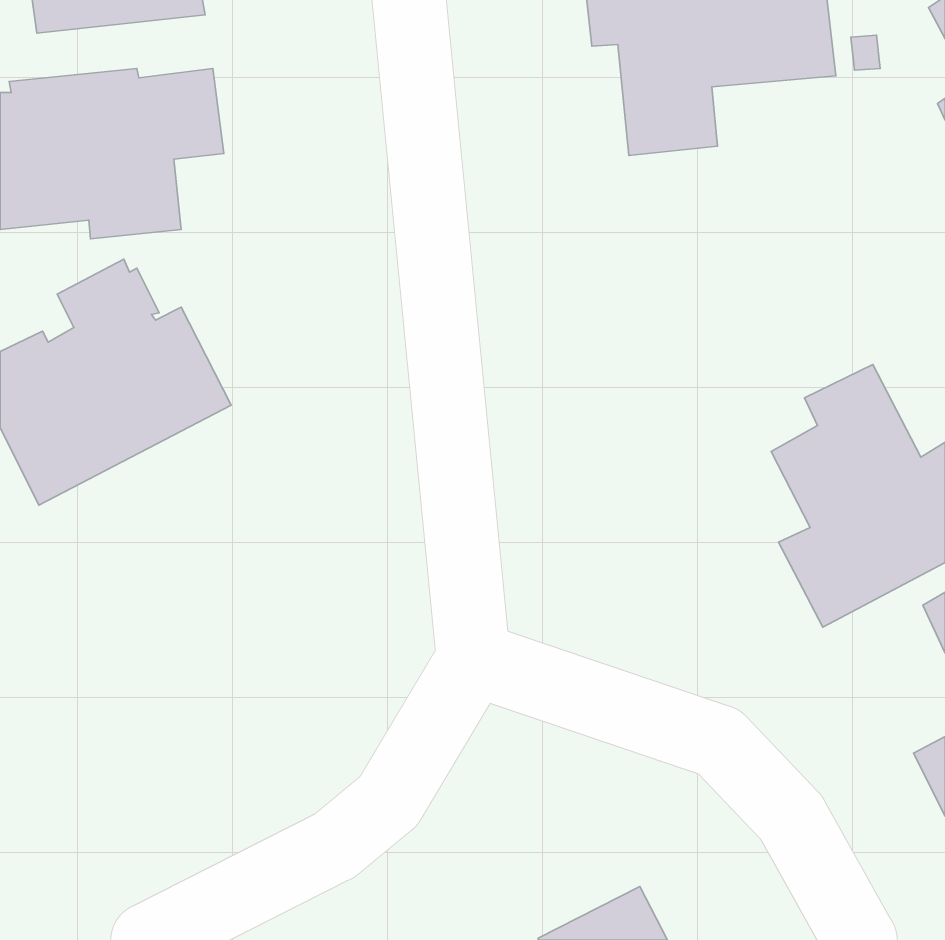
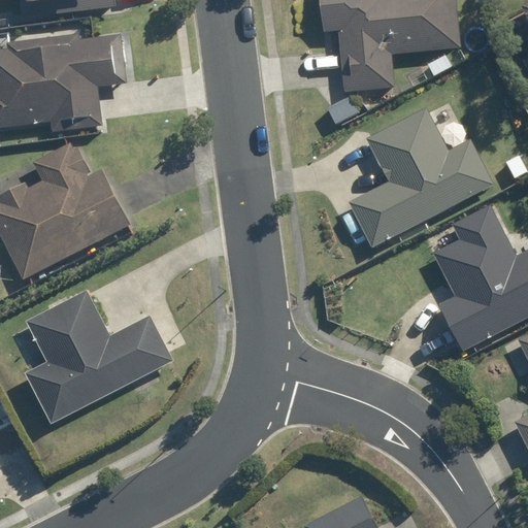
building: none -> [344,105,490,246]
building: none -> [33,288,183,423]

